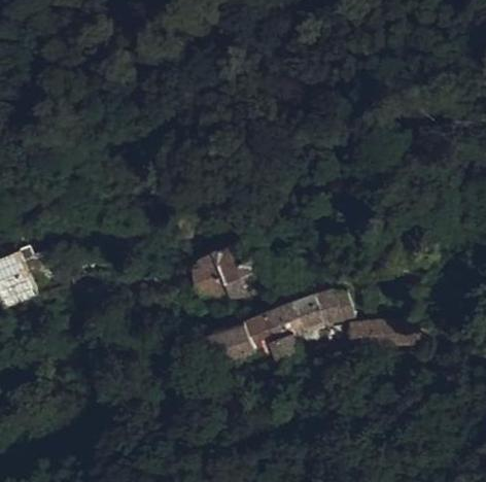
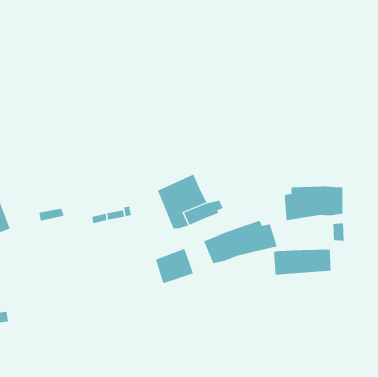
building: none -> [284,186,343,221]
building: [189,252,228,302] -> none
building: [242,312,297,360] -> none

